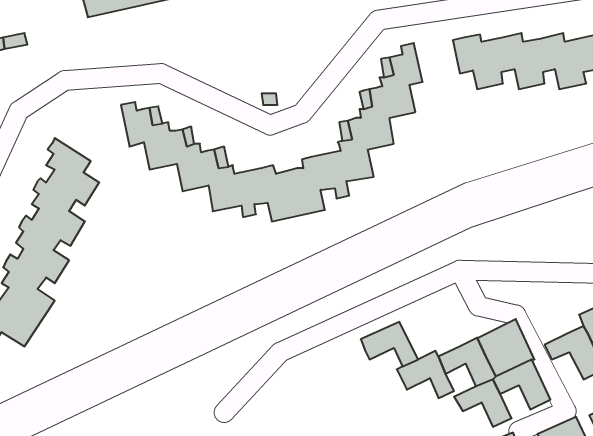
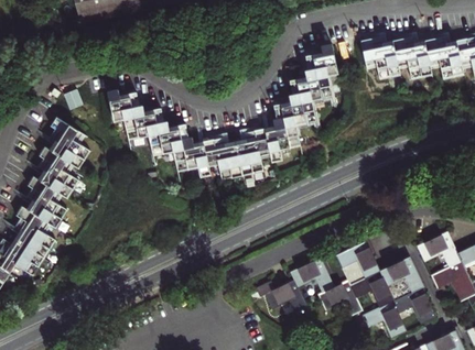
building: none -> [418,230,462,265]
building: none -> [336,240,381,283]
building: none -> [257,278,309,314]

